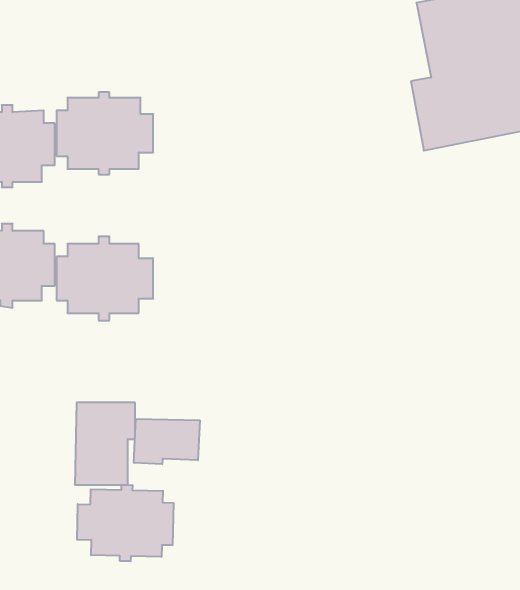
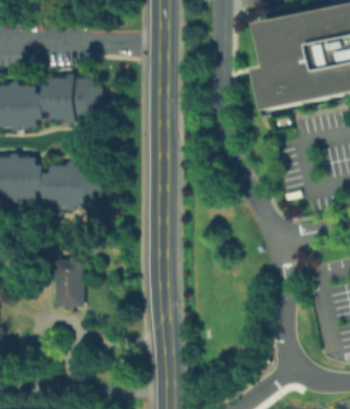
building: [134,419,200,464] -> none
building: [77,485,173,561] -> none

